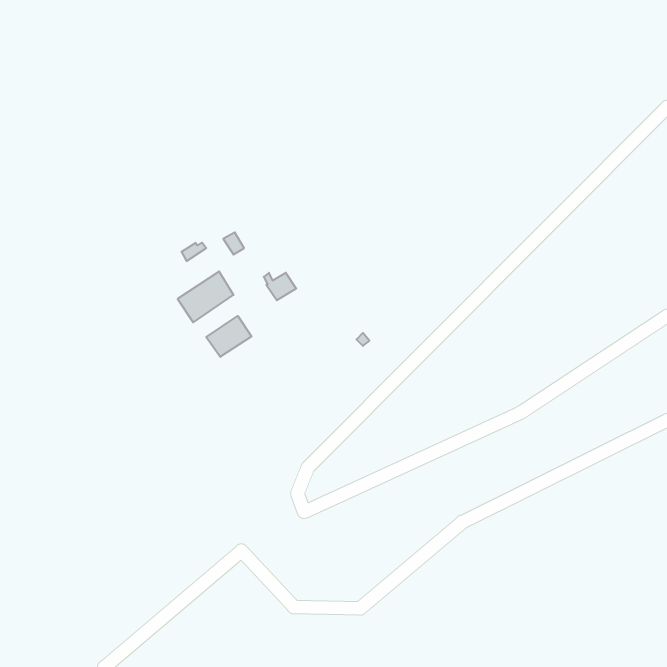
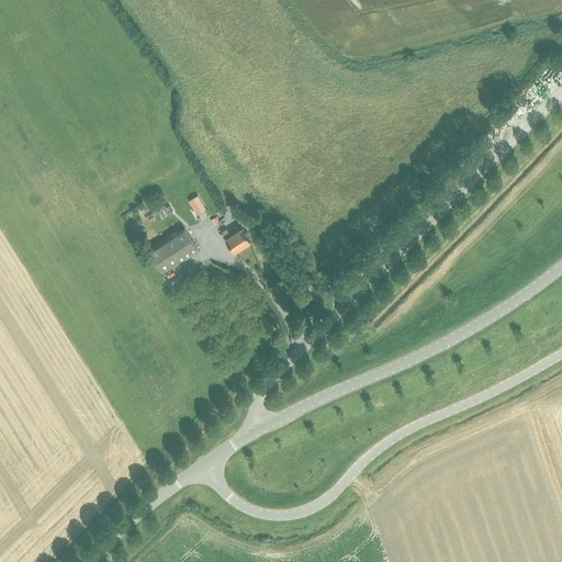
building: [206,316,251,357] -> none

